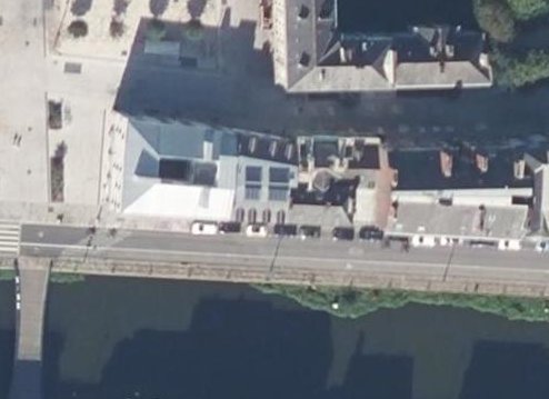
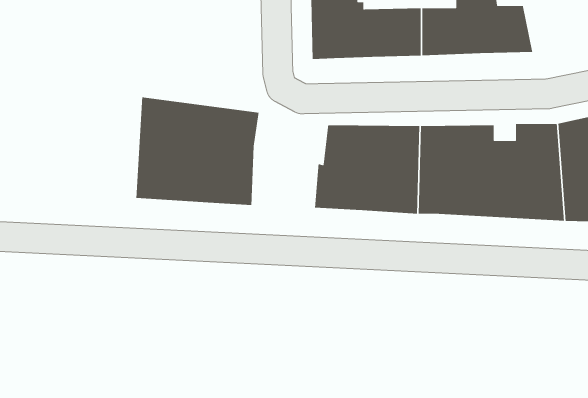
building: [232,133,301,221] -> none

